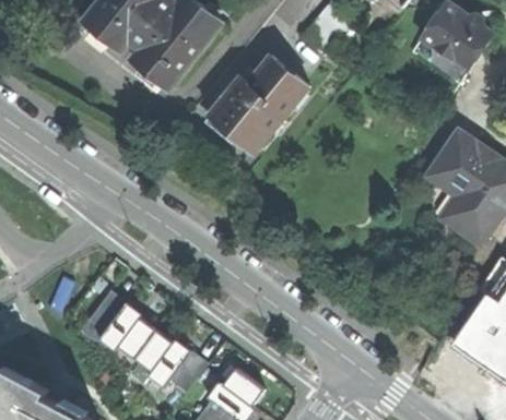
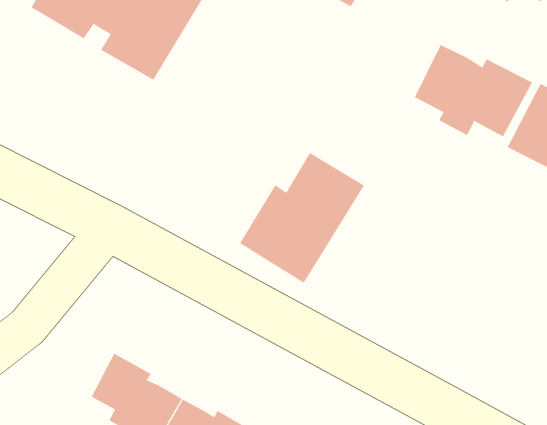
building: [207,56,307,154] -> [239,152,365,284]
building: none -> [414,44,533,137]

